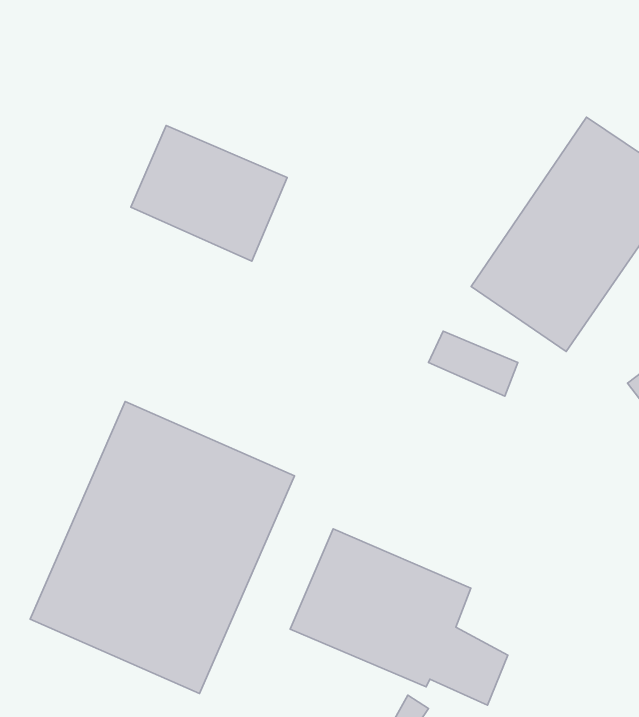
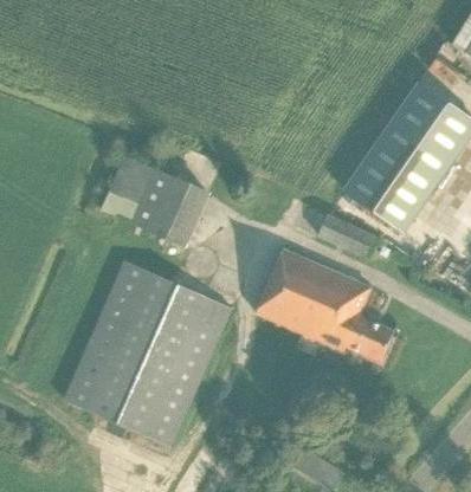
building: [131,125,287,261] -> [103,154,202,240]
building: [290,529,508,705] -> [256,250,394,362]

